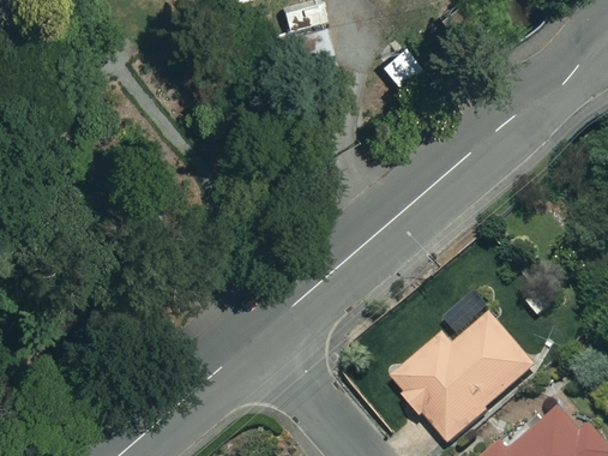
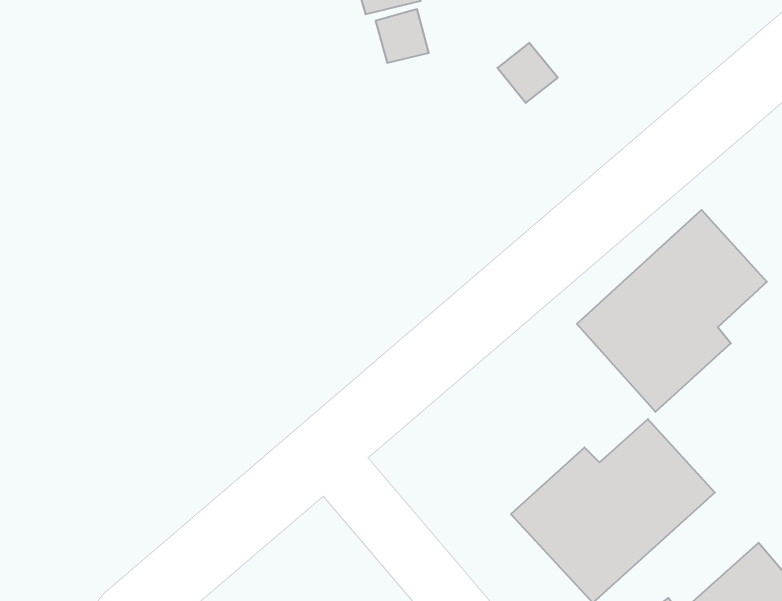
building: none -> [577,210,767,412]

